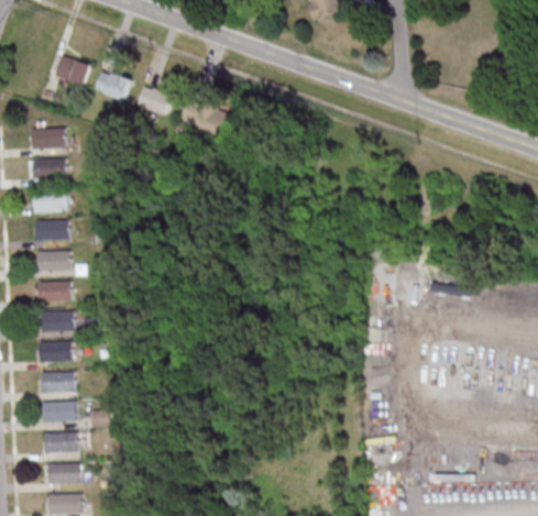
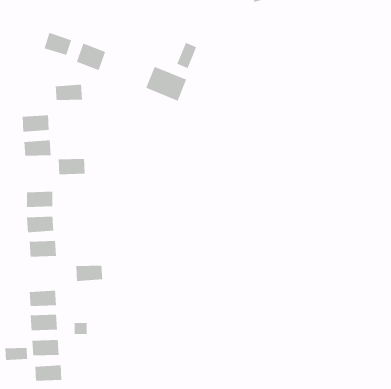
building: none -> [176,42,197,69]
building: [140,85,177,117] -> none
building: [31,128,65,149] -> [55,84,83,101]
building: [34,220,68,241] -> [58,158,86,175]
building: [37,342,72,363] -> [75,265,103,282]
building: none -> [5,347,28,361]

